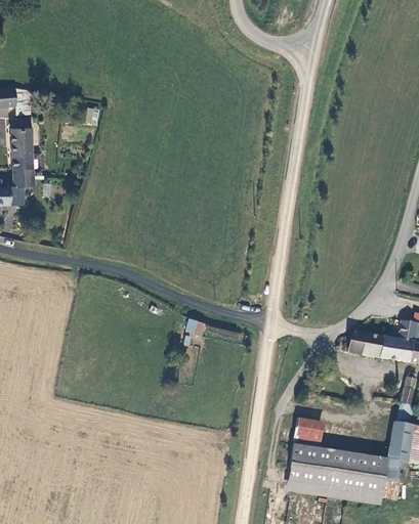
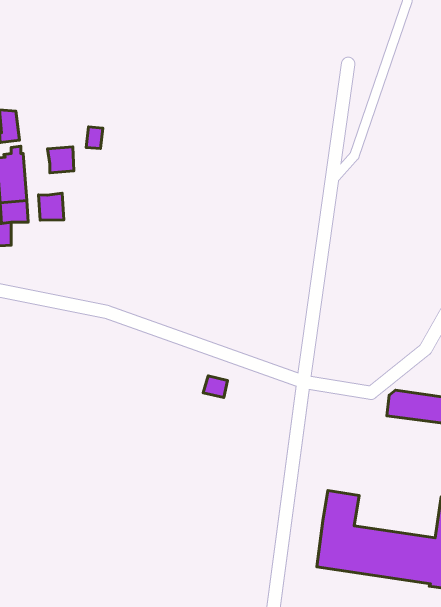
building: none -> [47,147,74,173]
building: none -> [39,193,64,220]

